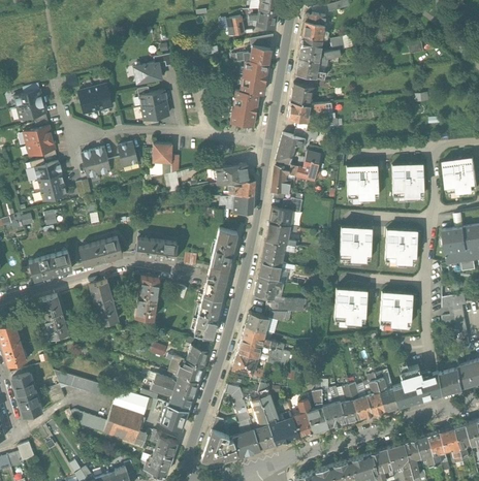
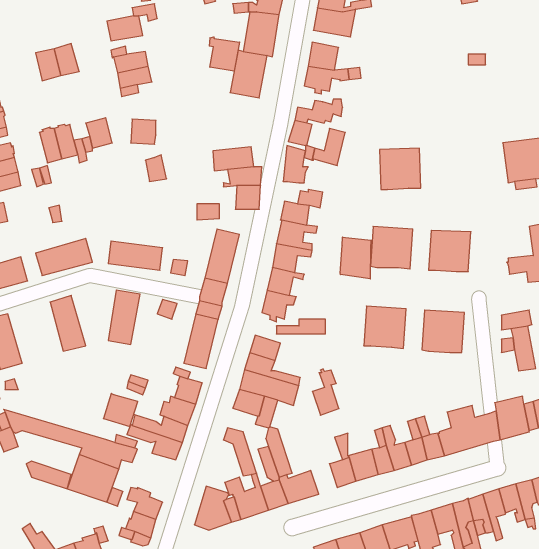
building: none -> [209,37,240,71]
building: [392,165,424,196] -> none
building: [444,227,467,252] -> none
building: none -> [340,237,371,279]
building: [293,399,314,436] -> [312,369,339,415]
building: [161,403,188,428] -> [103,393,138,427]

